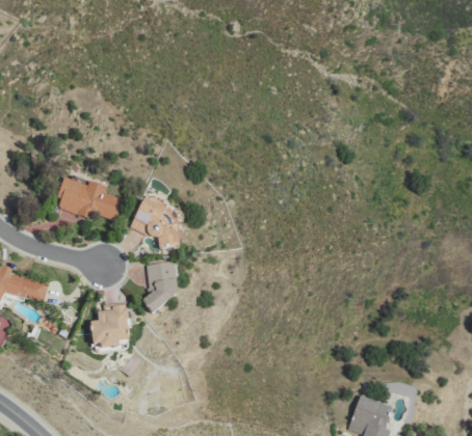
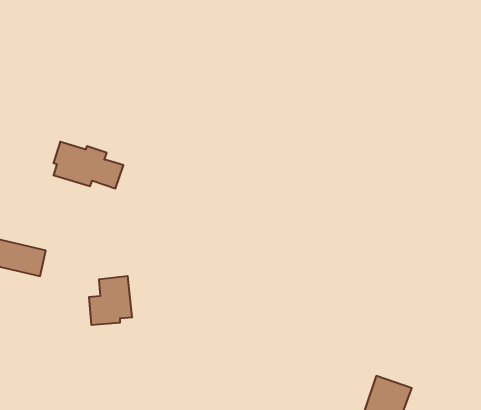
building: [130,199,179,250] -> none
building: [145,263,178,306] -> none

